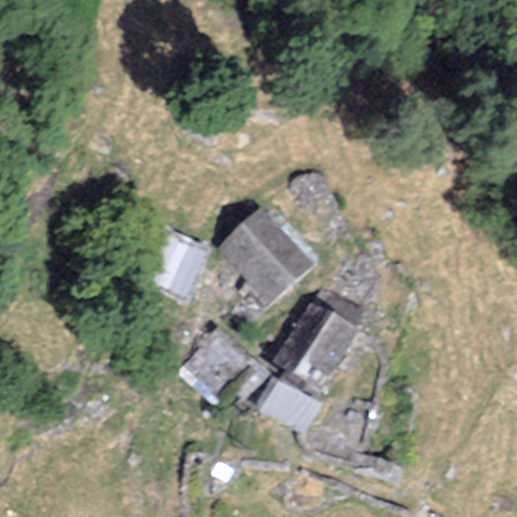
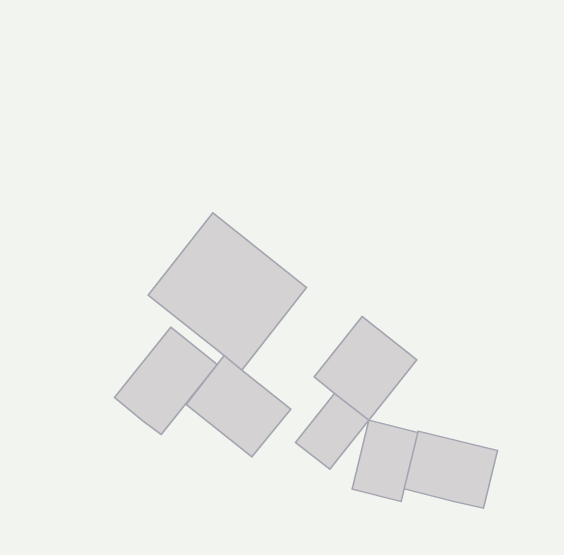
building: none -> [115,327,217,435]
building: none -> [404,431,498,508]

